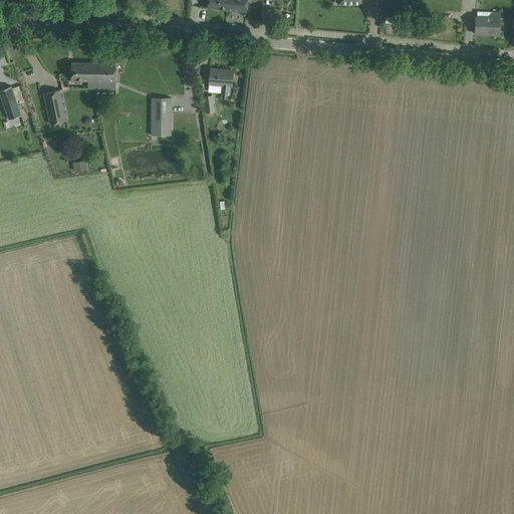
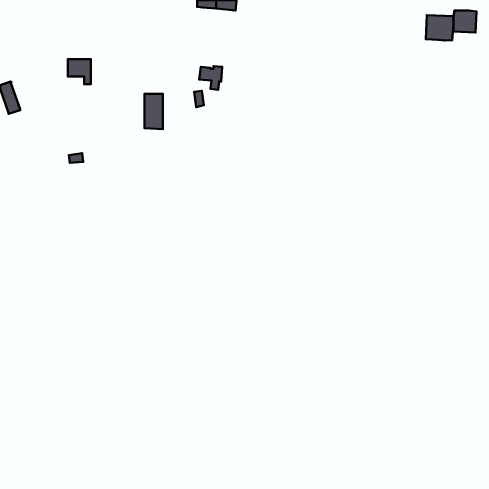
building: none -> [426,15,454,41]
building: [95,62,116,88] -> none
building: [44,89,66,124] -> none

